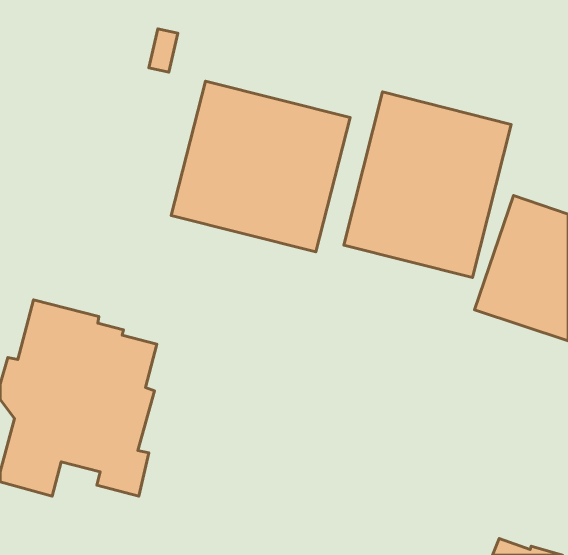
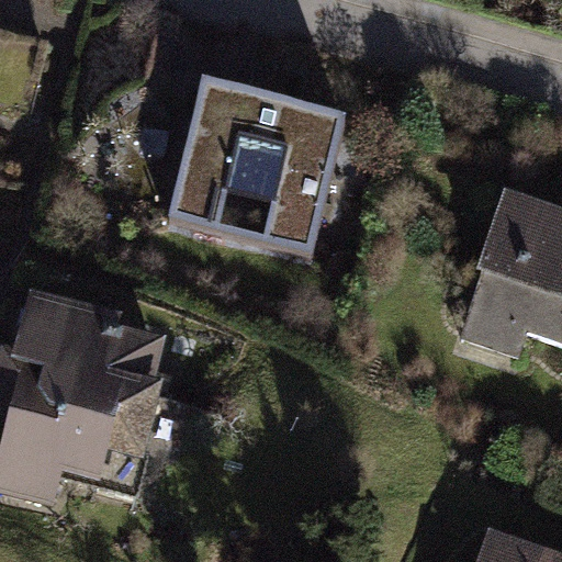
building: [344,92,511,278] -> none

